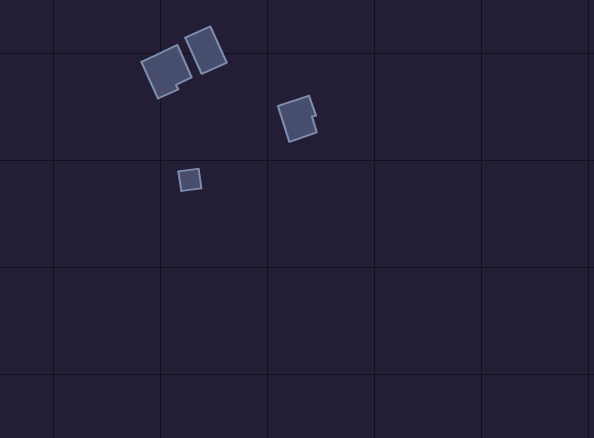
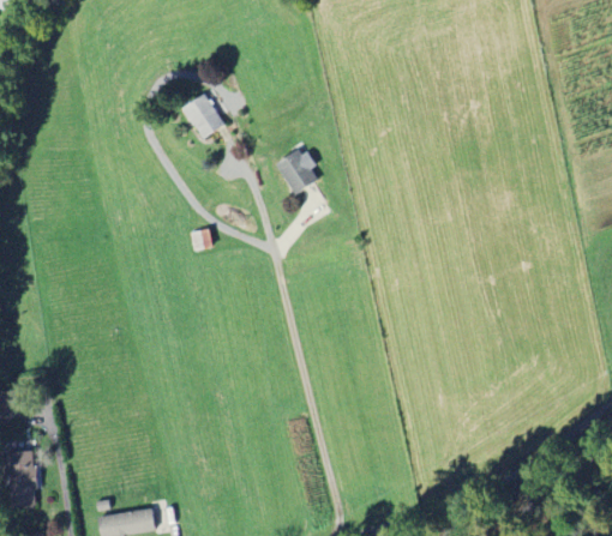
building: [141,45,192,99] -> none

